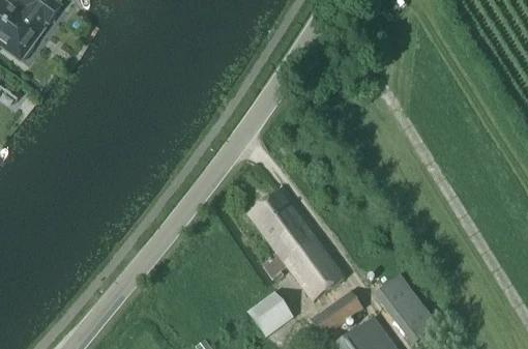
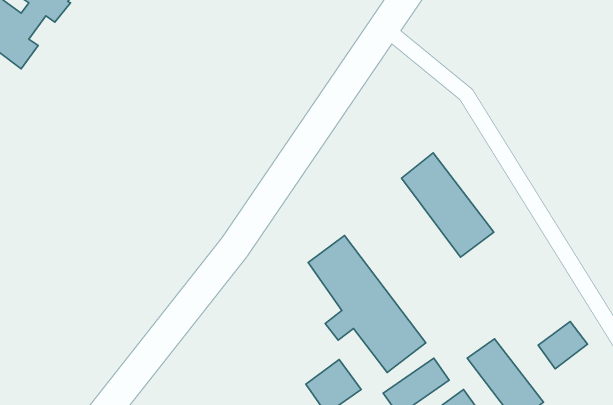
building: none -> [402,153,494,257]
building: none -> [538,322,588,369]

